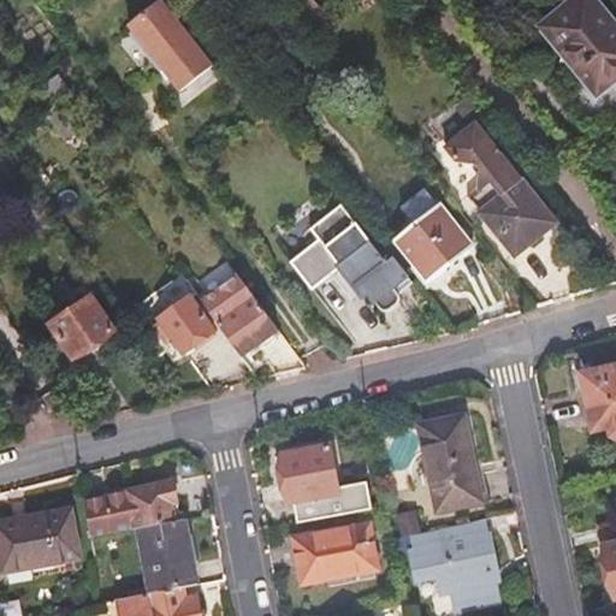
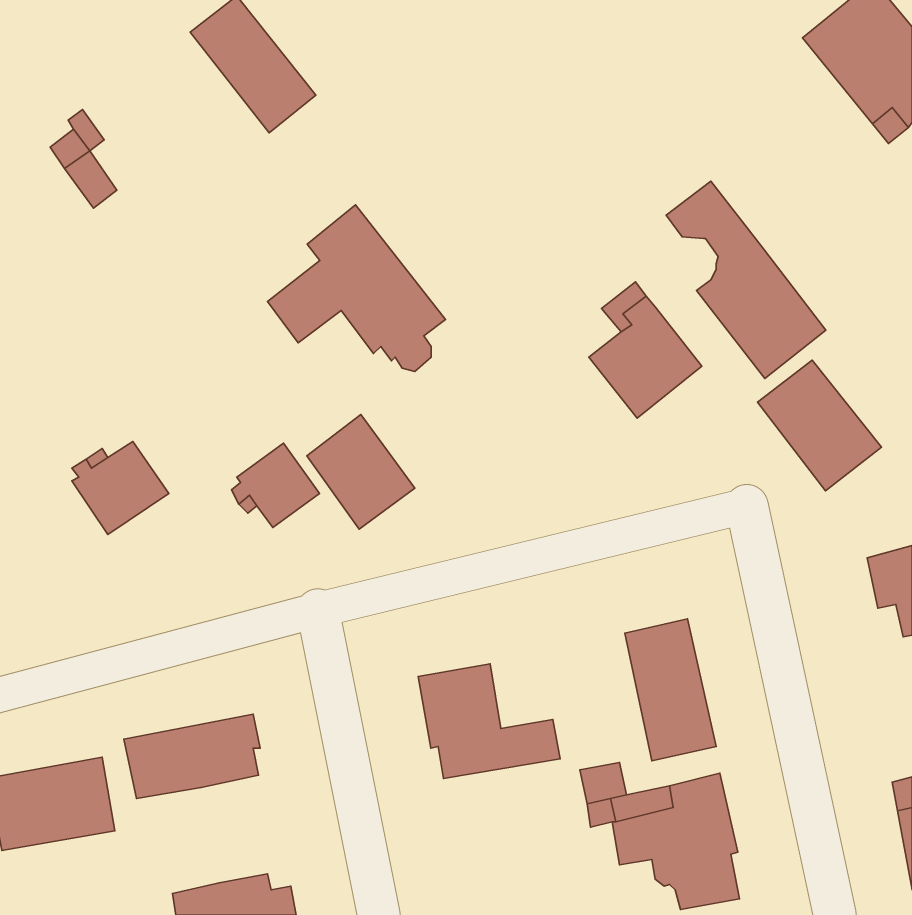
building: [289,199,408,310] -> [268,205,445,372]
building: none -> [757,360,882,491]
building: [135,519,195,592] -> none
building: [292,526,375,579] -> none

